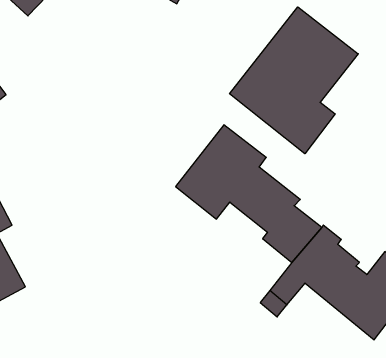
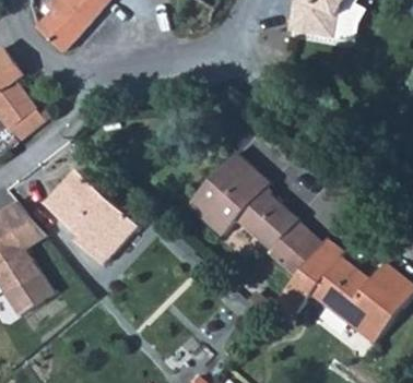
building: [230,7,358,154] -> none
building: none -> [50,169,139,260]

